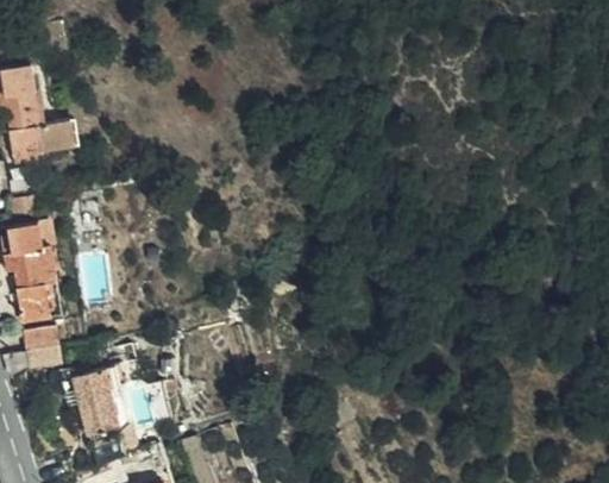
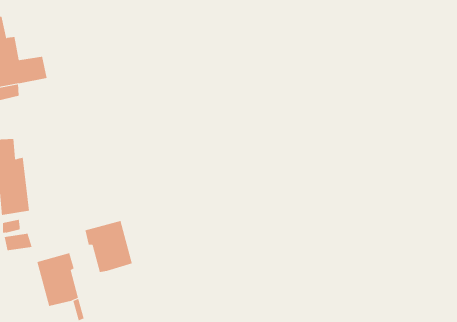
building: none -> [85,220,133,273]

